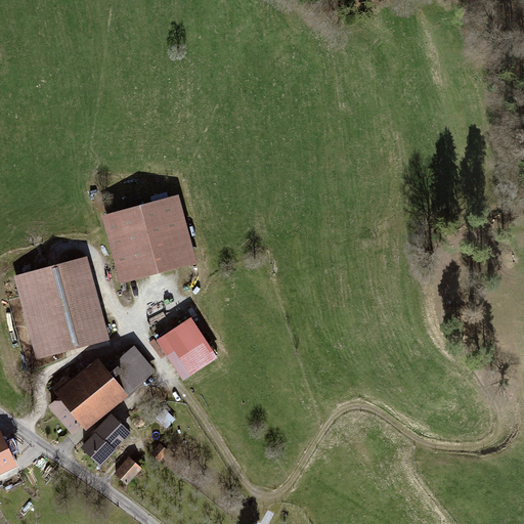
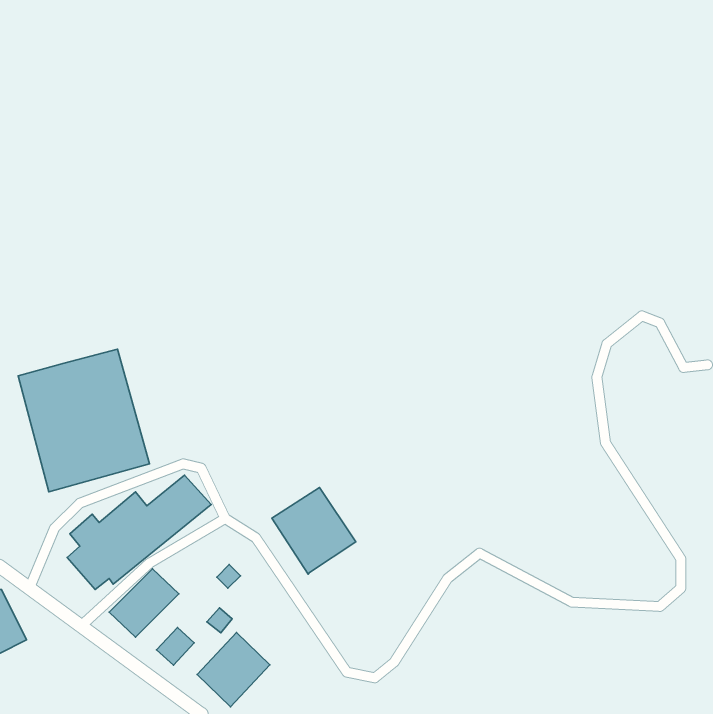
building: [101,193,195,281] -> none
building: [156,317,217,381] -> [272,487,356,574]
building: none -> [197,632,270,707]

